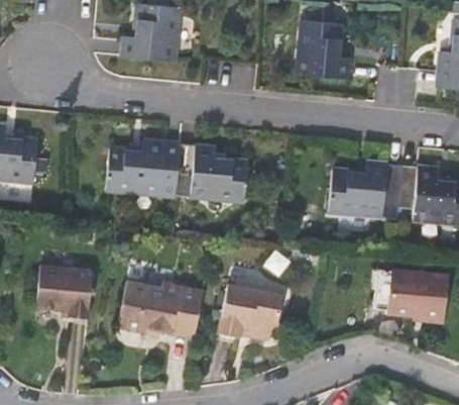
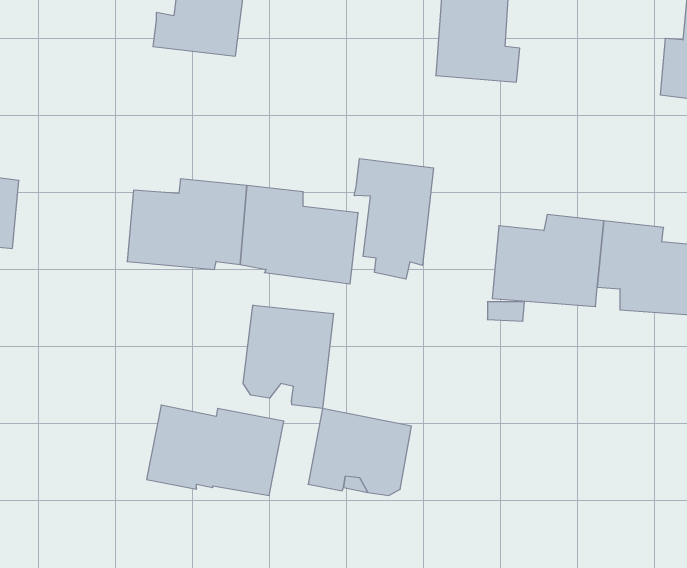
building: none -> [354,159,434,279]
building: none -> [243,305,333,408]
building: [37,259,97,319] -> none
building: [373,269,448,319] -> none

